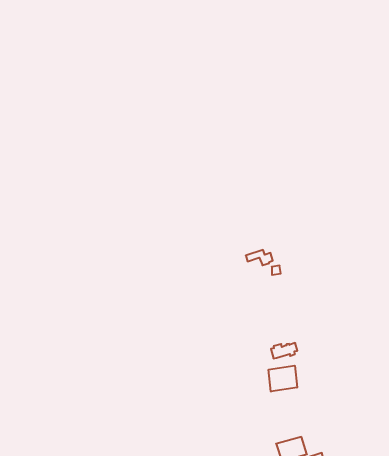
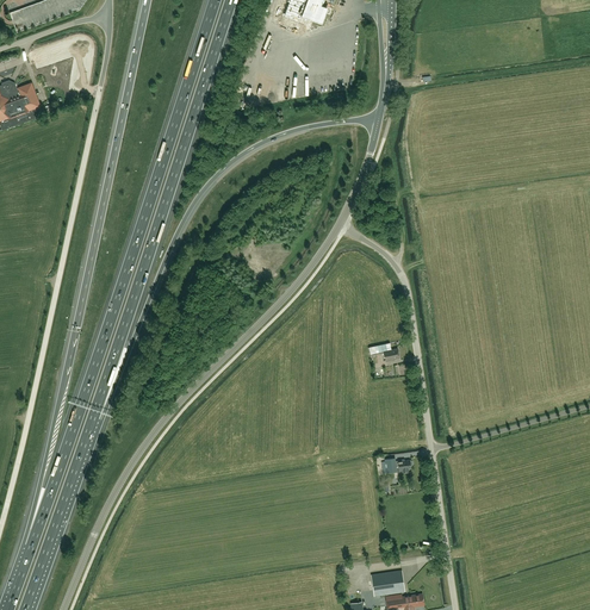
building: [269,366,297,392] -> none

